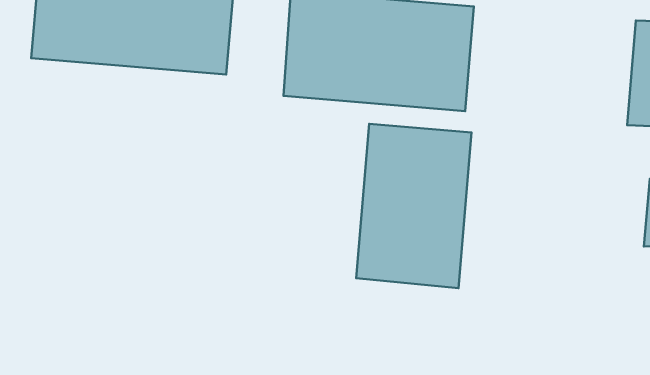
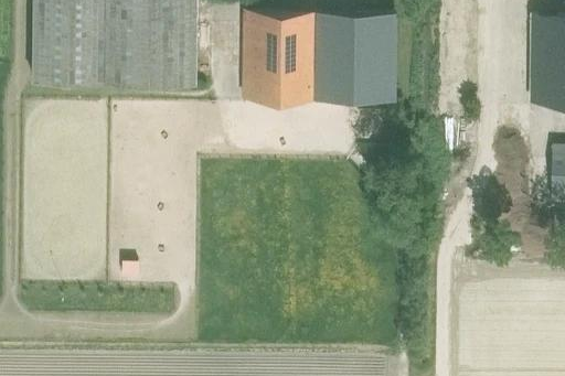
building: [356,124,472,288] -> none

